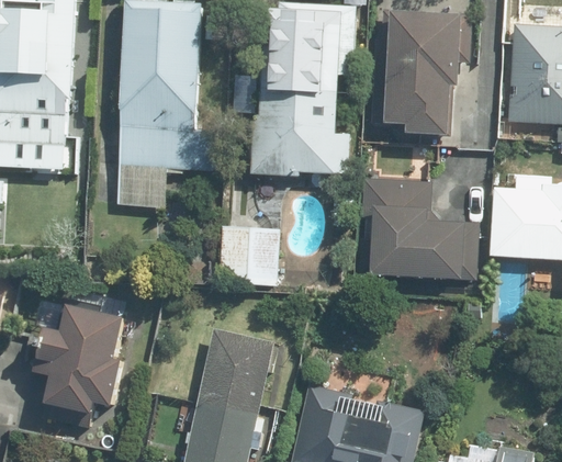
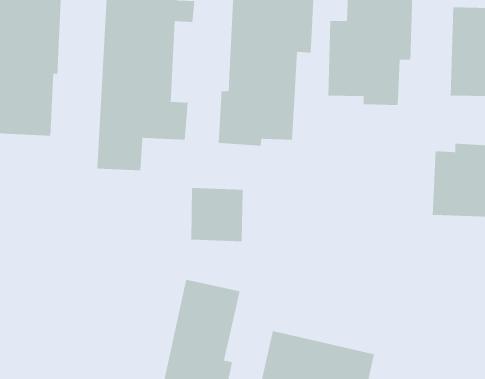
building: [355,179,479,279] -> none
building: [34,301,126,414] -> none

